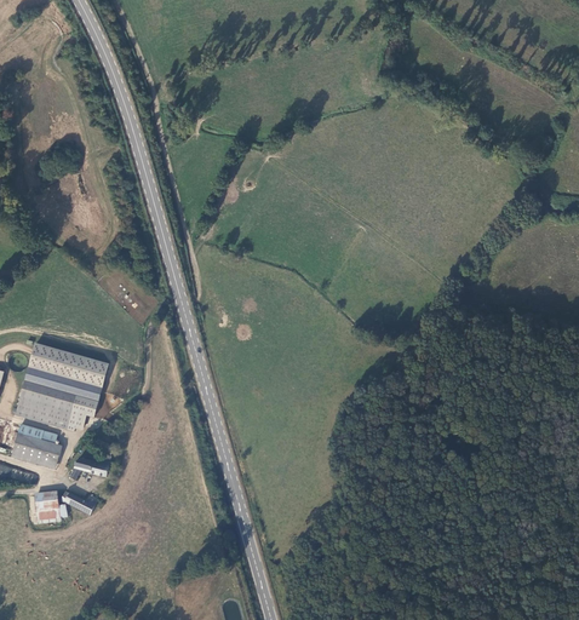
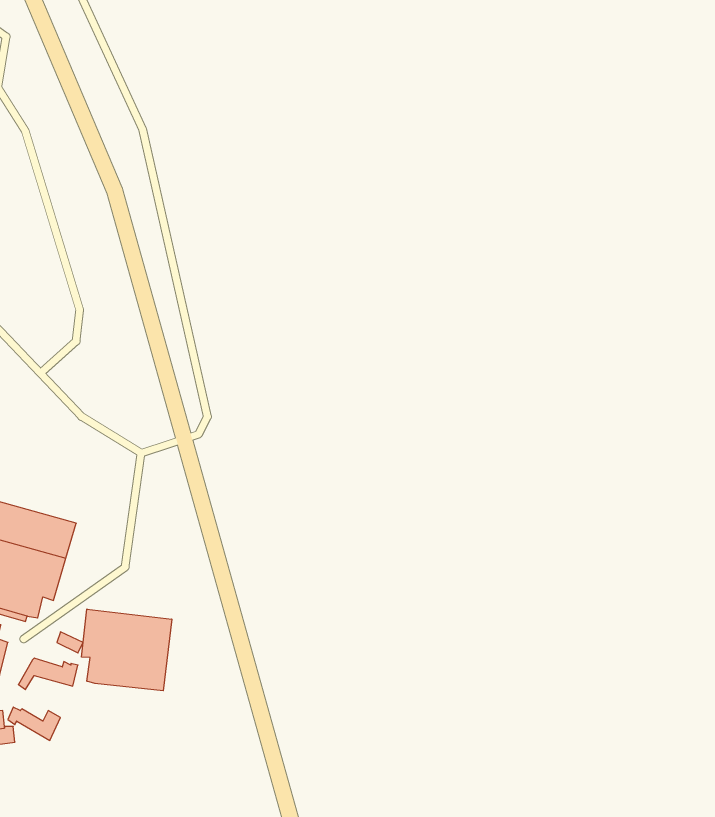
building: none -> [82,609,172,691]

